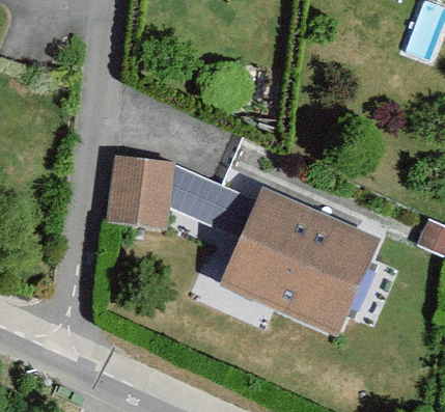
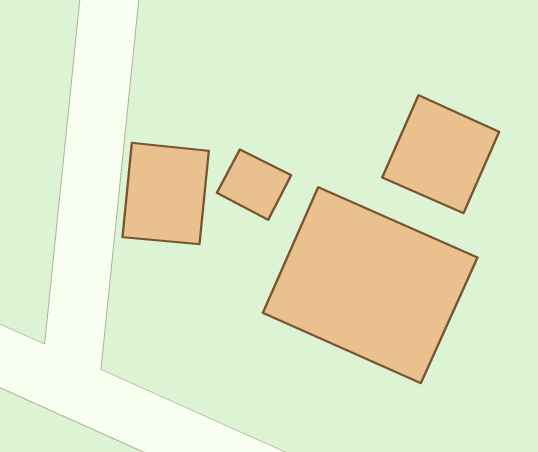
building: none -> [382,95,499,213]

